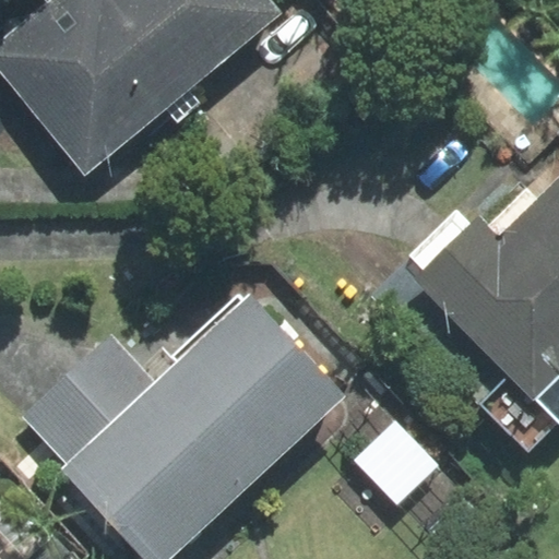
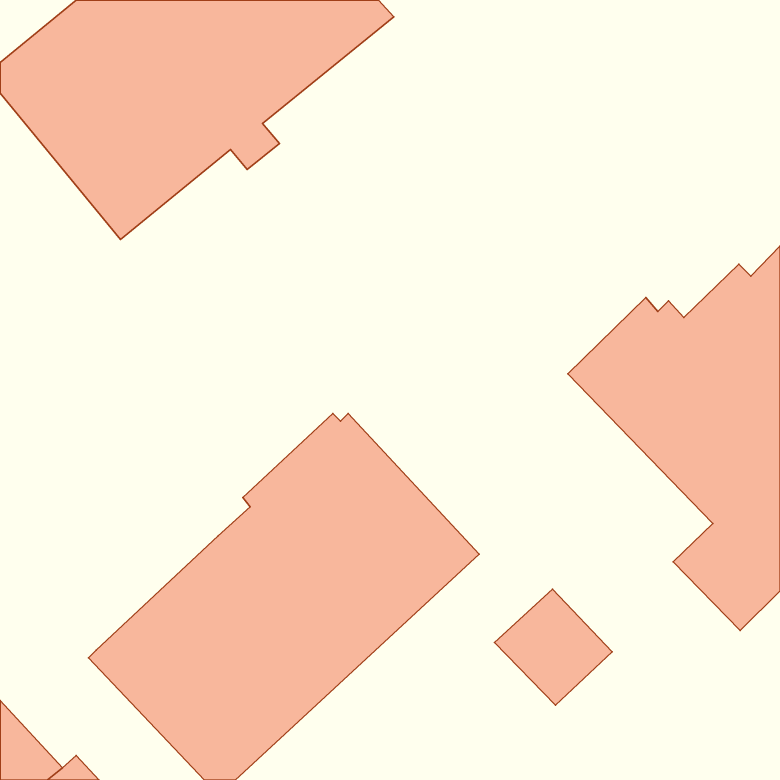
building: [23,335,156,465] -> none

